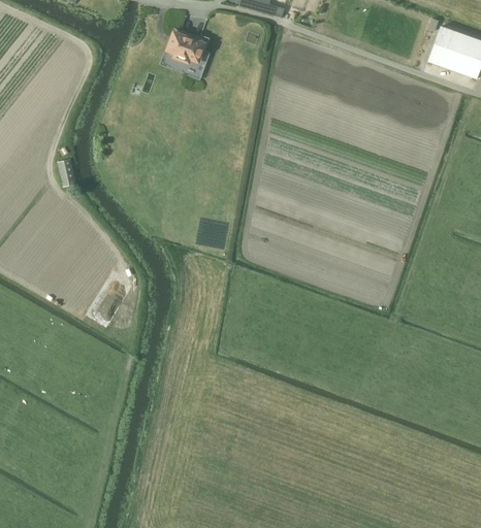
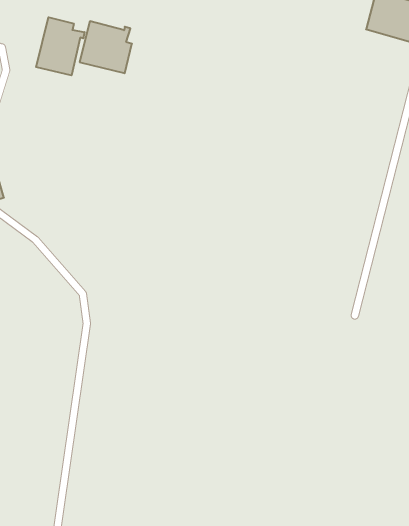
building: none -> [36,17,85,75]

